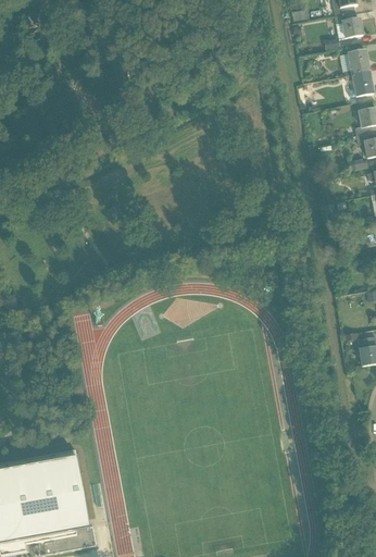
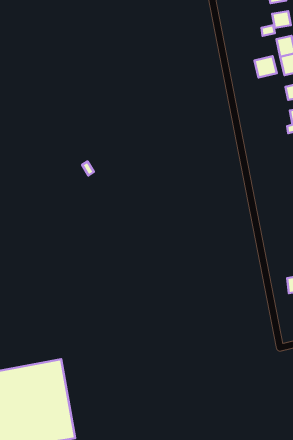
building: none -> [254,56,277,78]

